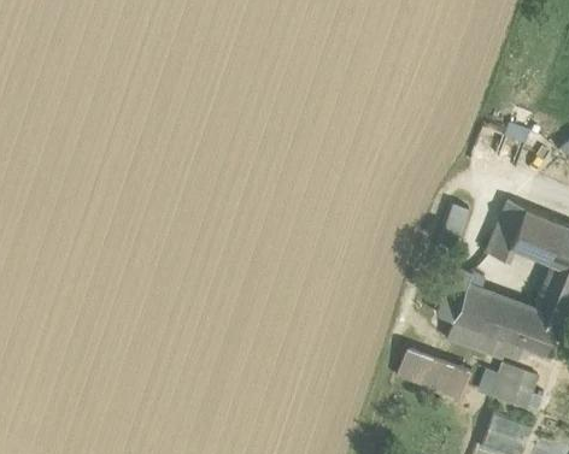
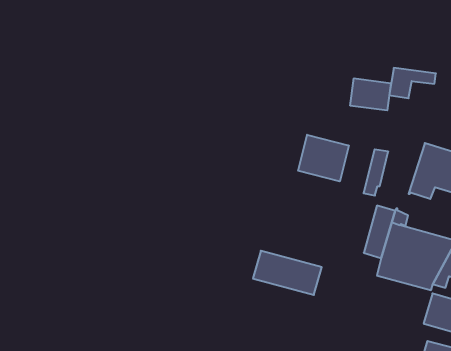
building: none -> [350,78,391,110]
building: none -> [298,135,349,181]
building: [397,348,471,400] -> [253,251,322,295]

